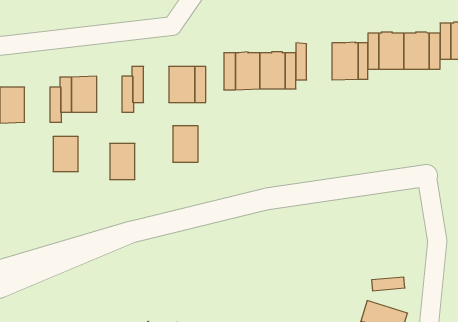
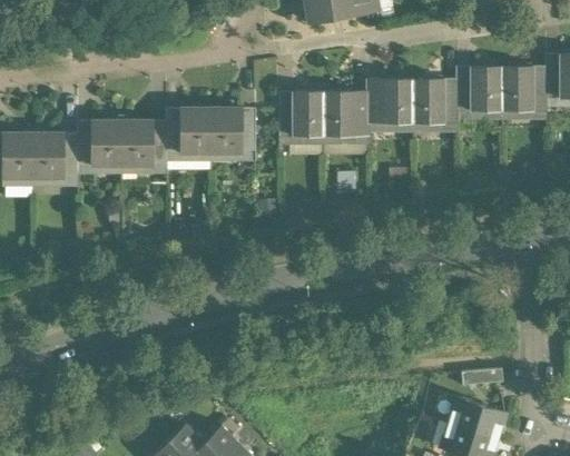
building: none -> [382,79,413,125]
building: [173,126,198,162] -> [180,108,212,152]
building: [53,137,78,172] -> [33,133,65,177]
building: [110,143,135,179] -> [122,120,154,165]

